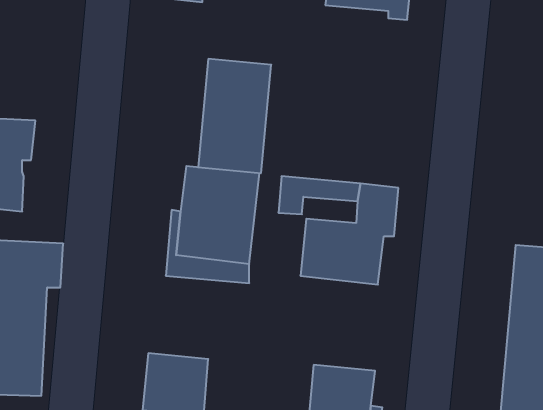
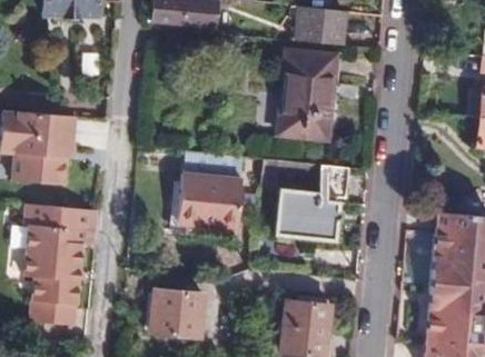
building: [198,59,271,173] -> [278,53,334,140]

